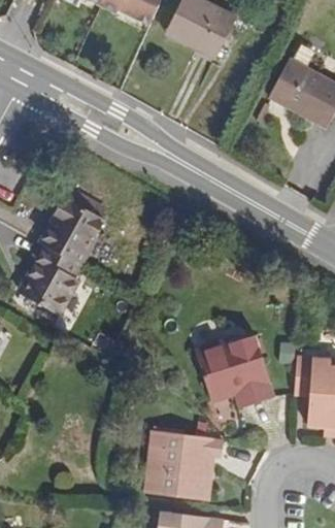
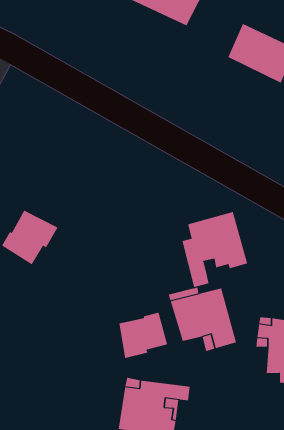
building: [39,207,104,269] -> none
building: none -> [182,211,248,288]
building: none -> [119,312,168,359]

